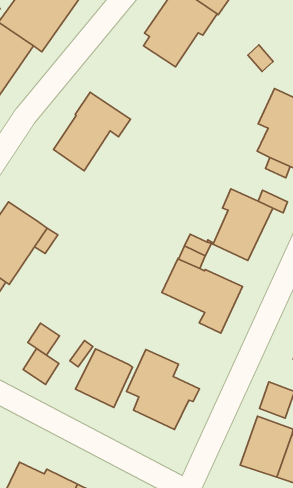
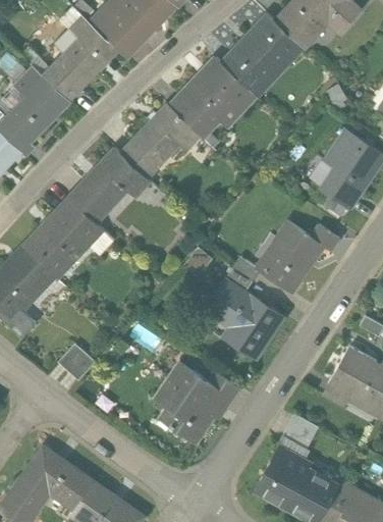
building: none -> [169,61,255,138]
building: none -> [69,149,149,222]
building: [28,323,59,355] -> none
building: [75,349,133,407] -> none
building: none -> [202,372,239,410]

